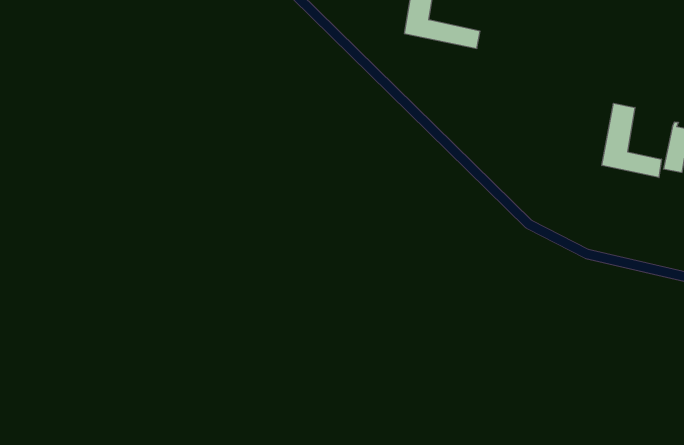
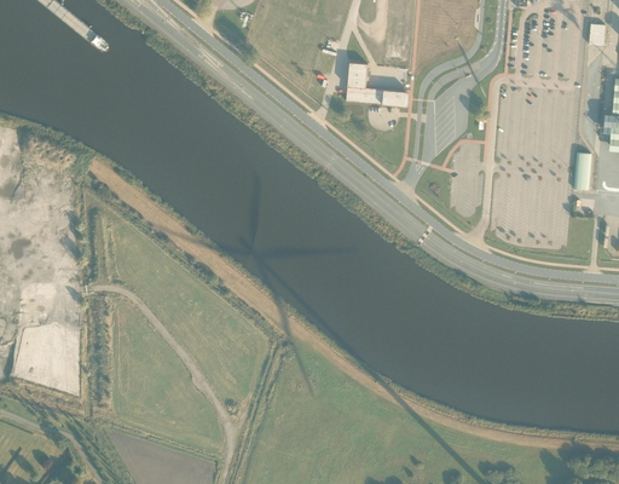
building: [602,103,661,178] -> none

